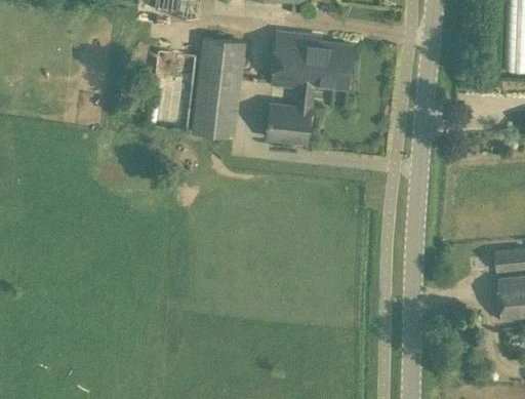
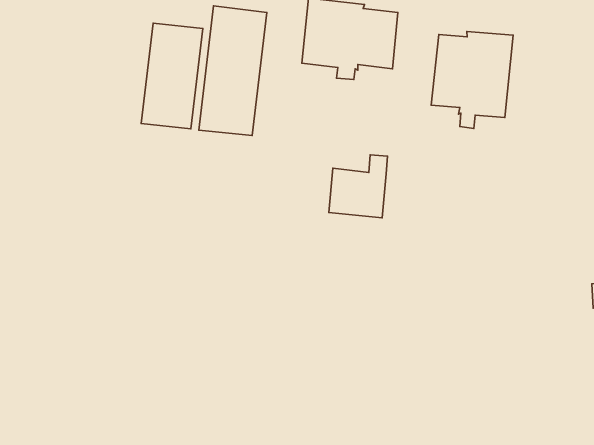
building: none -> [431,32,513,129]
building: [267,93,312,142] -> [329,155,388,218]

